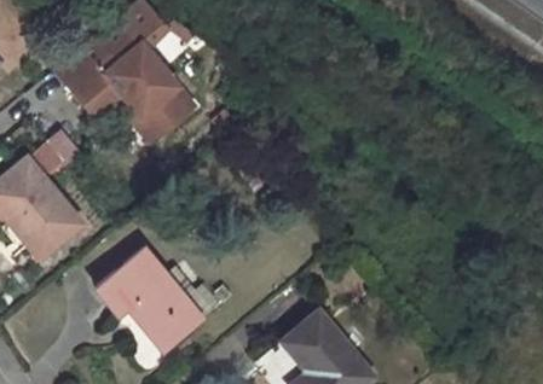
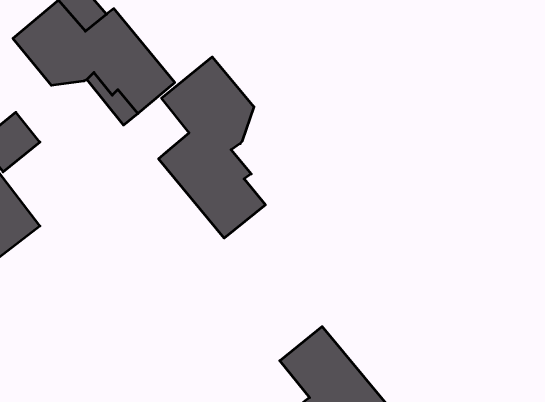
building: none -> [159,57,265,238]
building: [99,251,221,349] -> none

